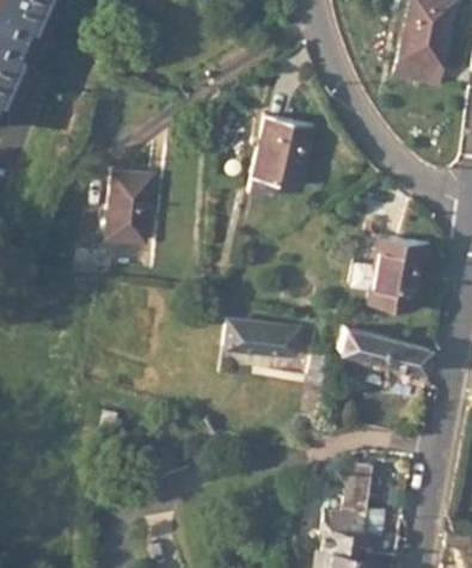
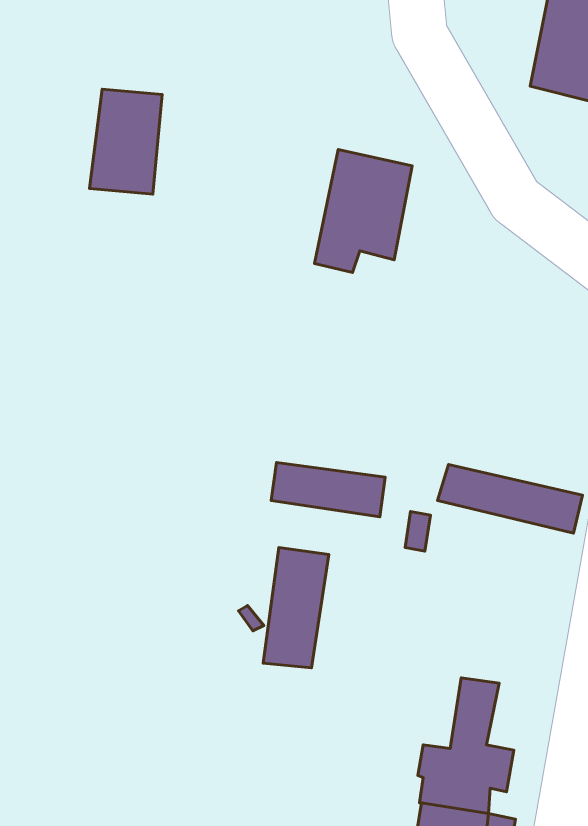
building: [106,178,154,248] -> [90,89,162,194]
building: [372,236,425,310] -> none
building: none -> [263,548,329,668]

